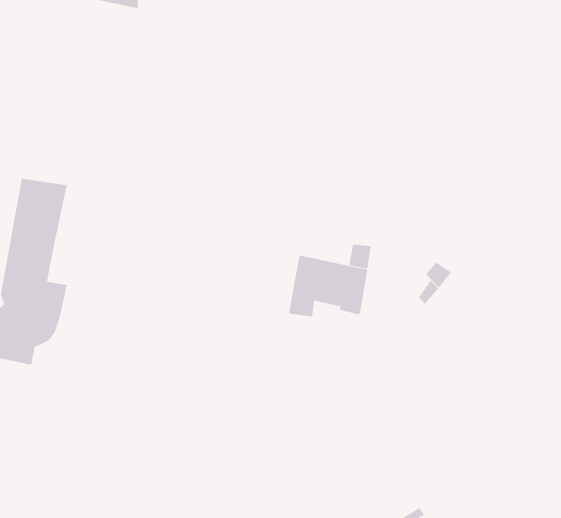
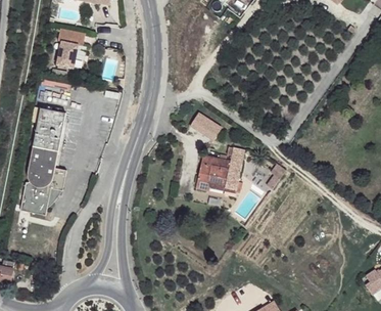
building: none -> [56,32,85,73]
building: none -> [187,113,221,141]

